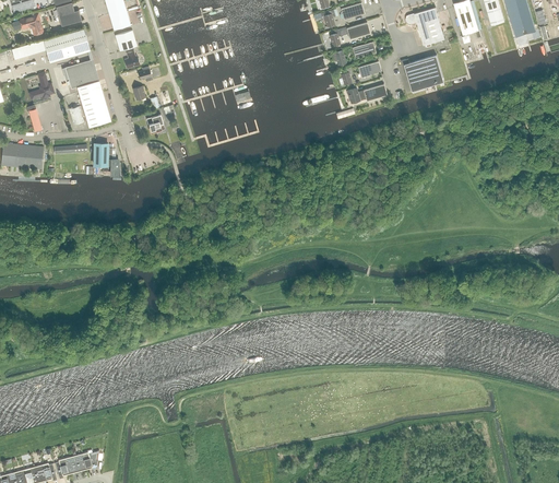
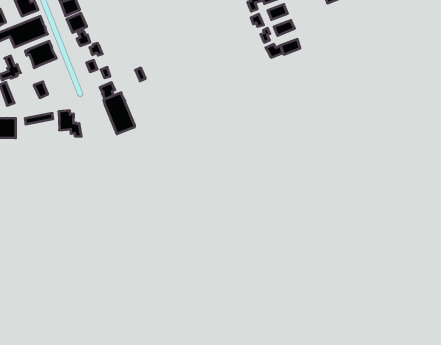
building: [401,55,444,91] -> none
building: [78,80,111,128] -> [104,93,135,134]

